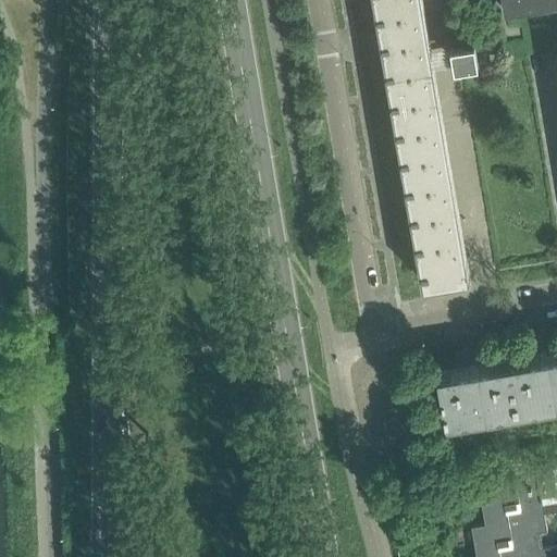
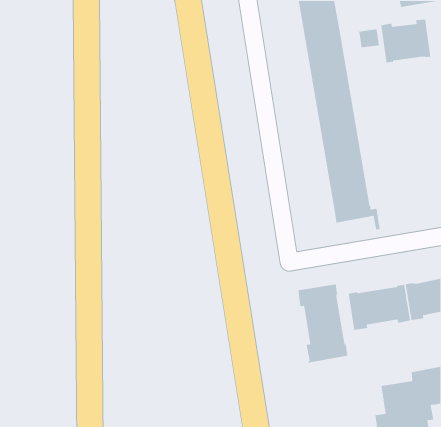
building: none -> [380,19,431,63]
building: none -> [298,283,348,363]

